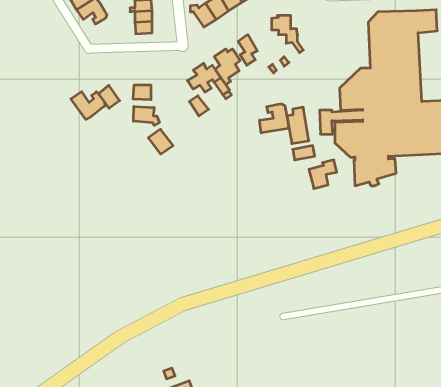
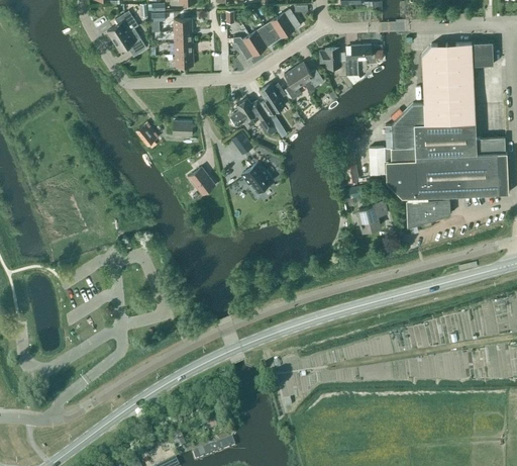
building: none -> [345,45,372,85]
building: none -> [294,63,323,94]
building: [71,92,105,119] -> none
building: [260,104,288,133] -> none
building: [133,106,159,125] -> none
building: none -> [241,163,273,197]

